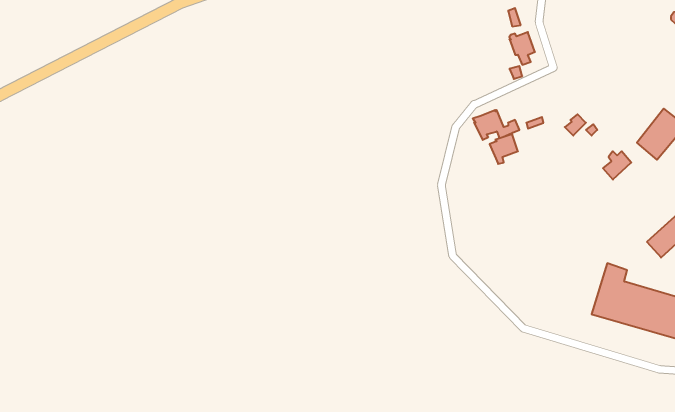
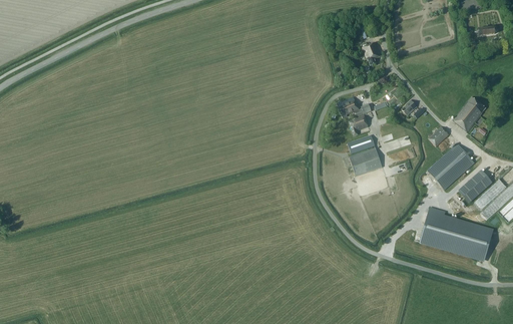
building: none -> [347,135,382,176]
building: none -> [427,143,474,190]

